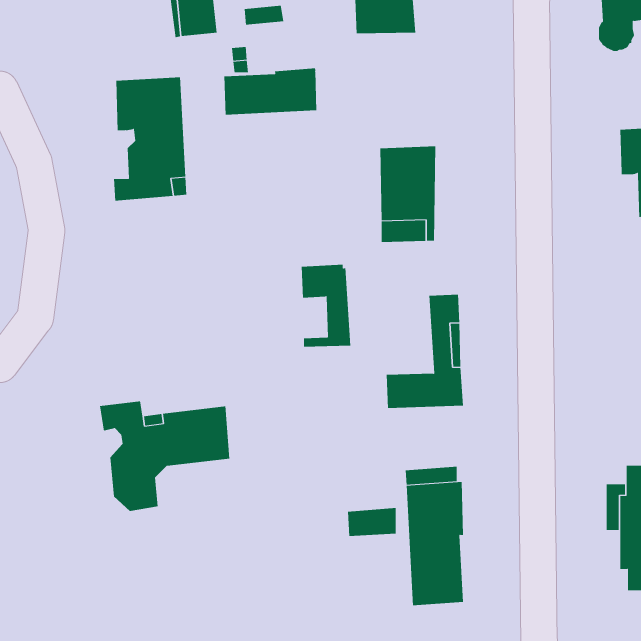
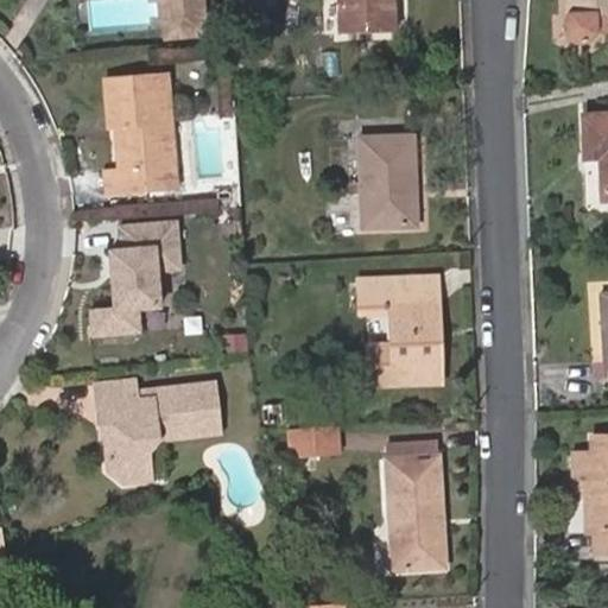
building: [224,67,317,115] -> none
building: none -> [87,215,185,332]
building: [301,264,351,347] -> [363,276,411,354]
building: [347,508,396,537] -> [292,429,338,456]

